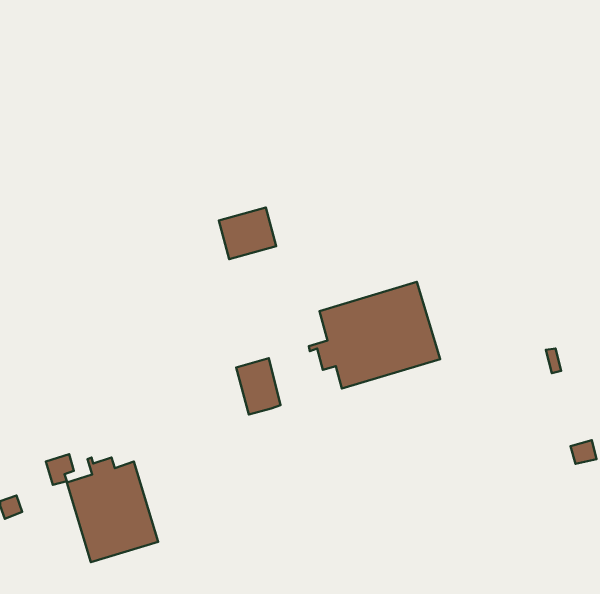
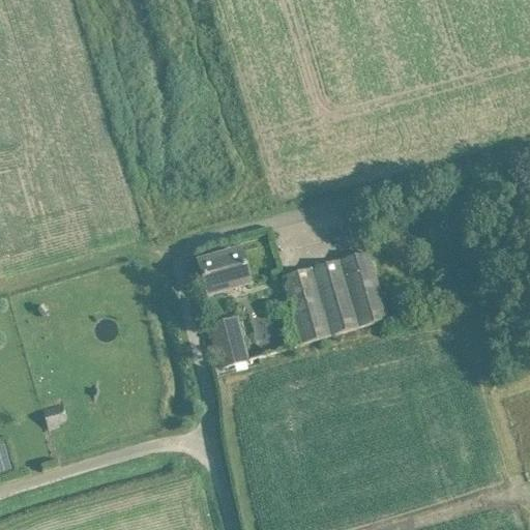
building: [219,208,276,259] -> [198,248,248,294]
building: [67,458,158,562] -> none

